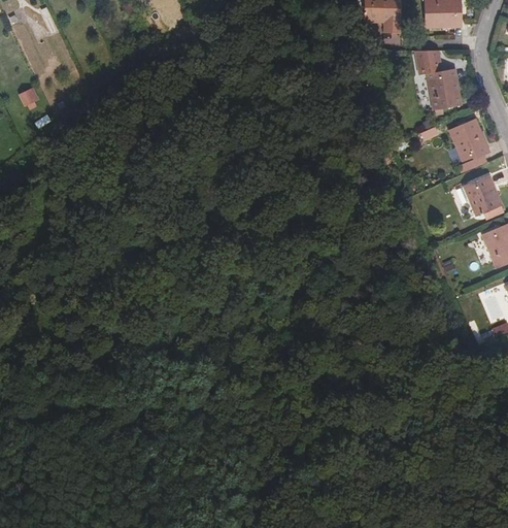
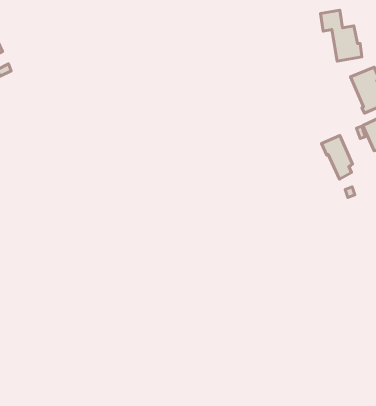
building: none -> [321,136,353,179]

